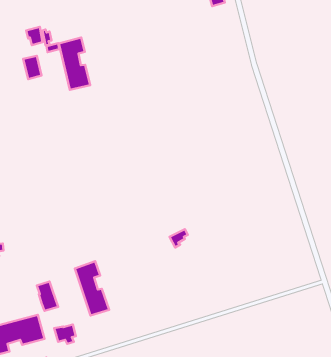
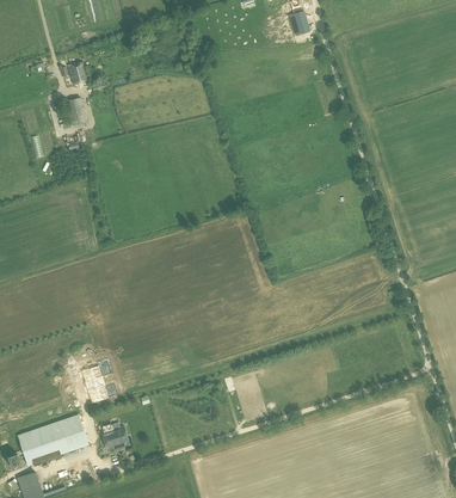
building: [59,38,90,90] -> none
building: [75,261,109,316] -> none

